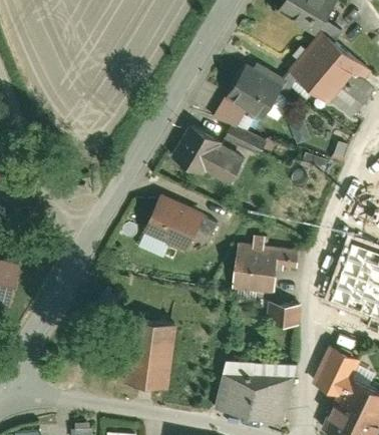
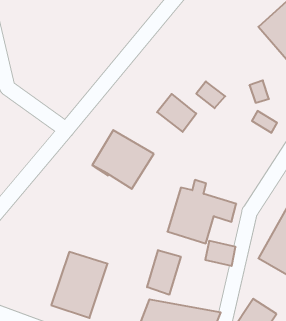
building: [212,62,281,131] -> none
building: [171,126,219,174] -> none
building: none -> [147,250,181,295]

